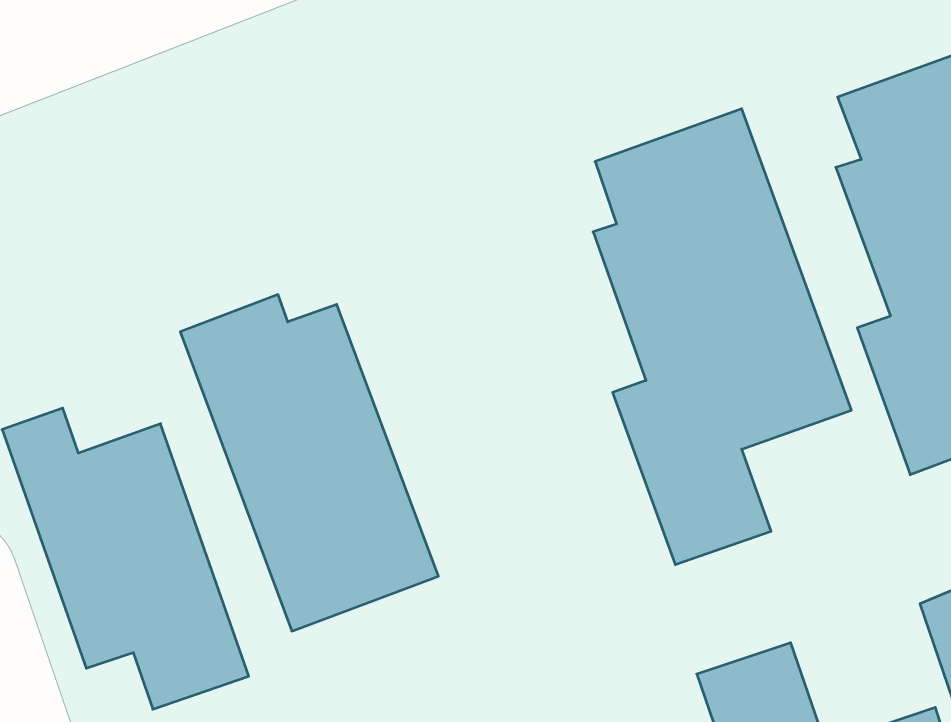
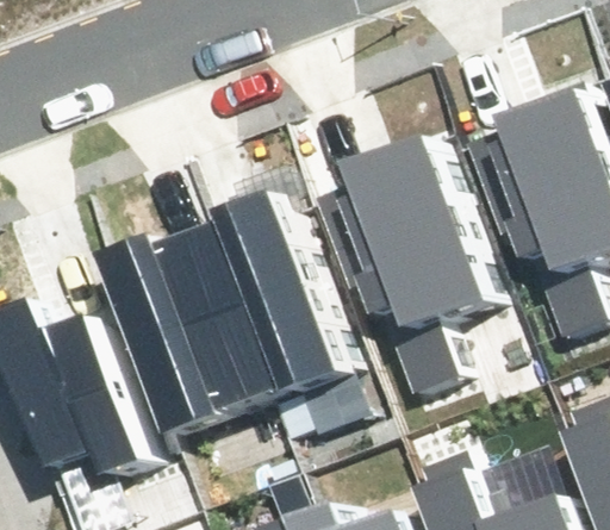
building: none -> [212,195,359,403]

